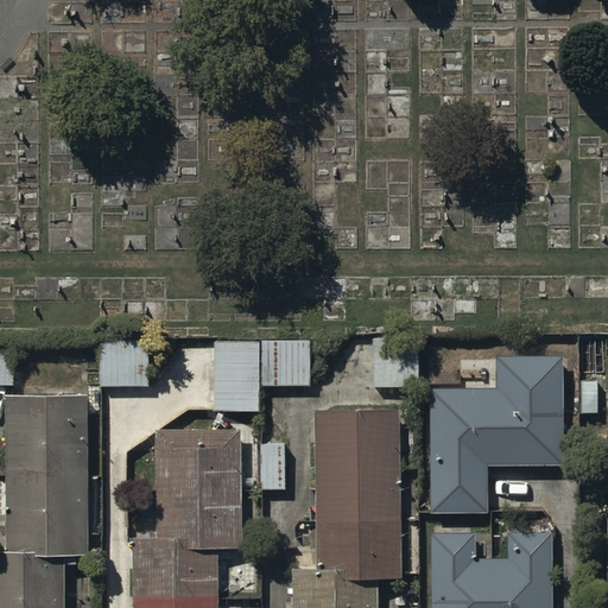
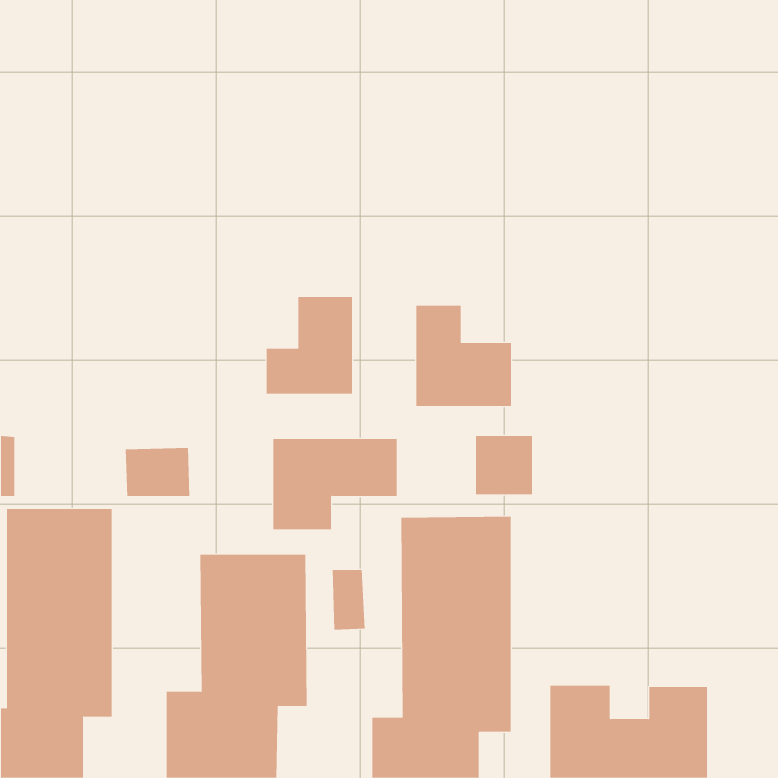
building: none -> [266,296,352,395]
building: none -> [416,305,511,407]
building: [428,357,563,514] -> none

